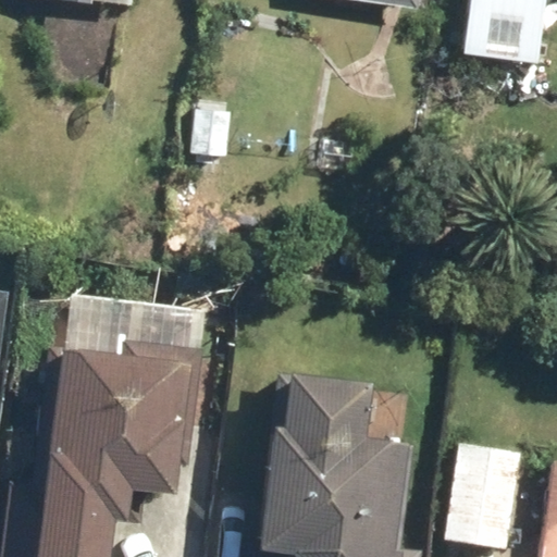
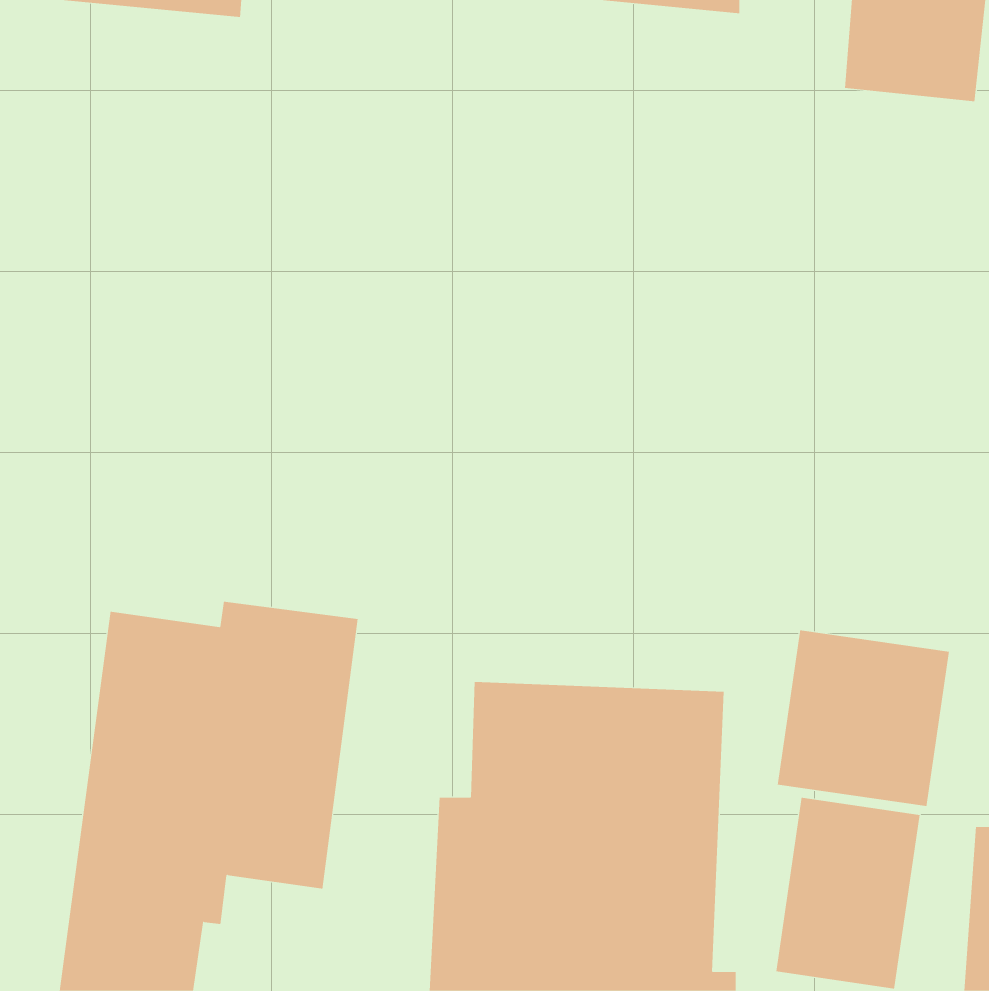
building: none -> [777,629,949,807]

